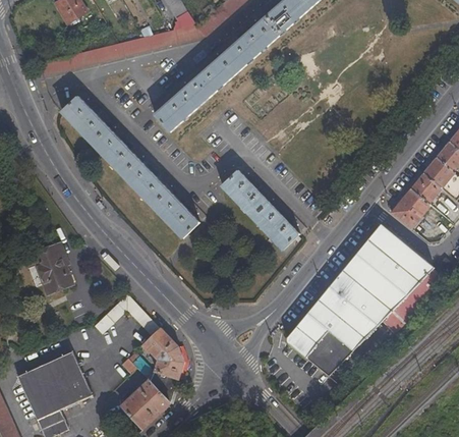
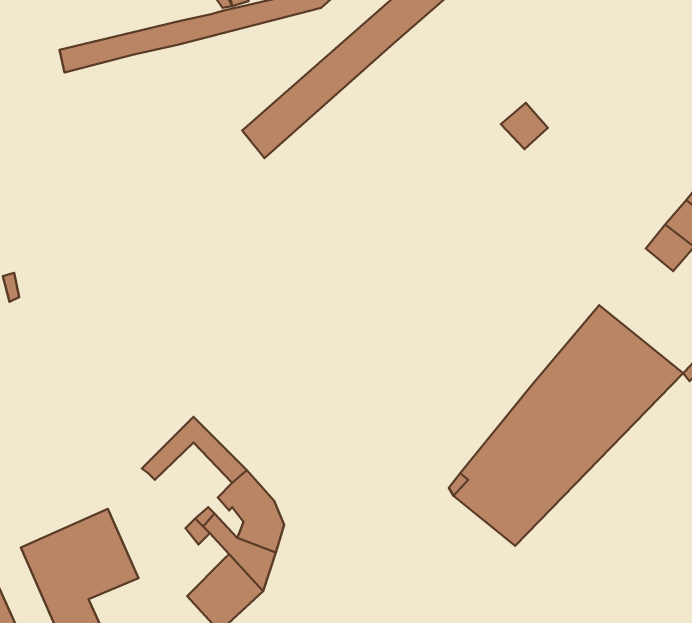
building: none -> [501,103,548,149]
building: [62,97,198,237] -> none
building: [223,171,298,249] -> none
building: [390,188,429,228] -> none
building: [30,243,72,295] -> none

